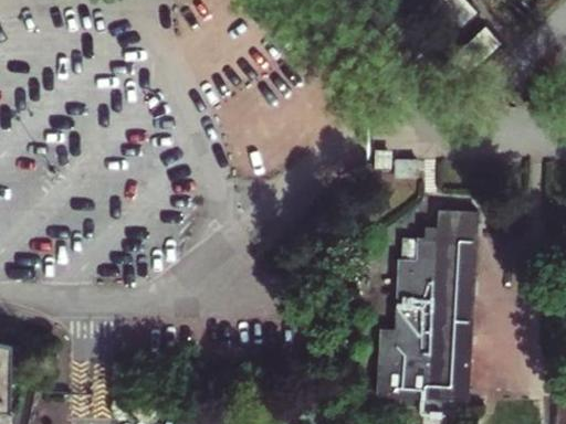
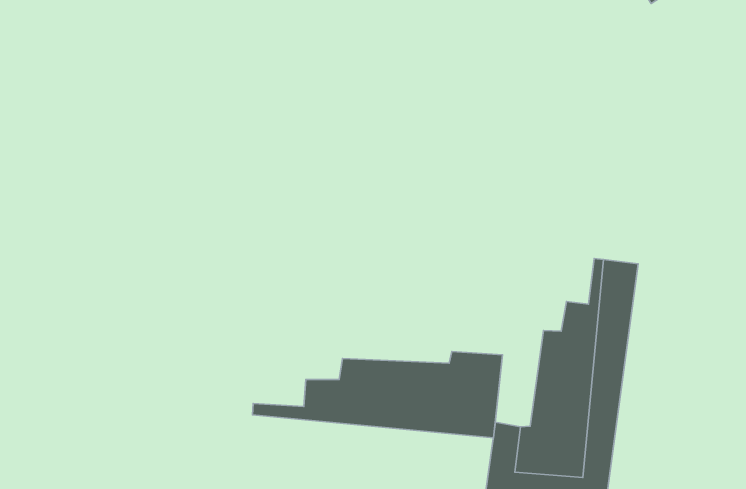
building: none -> [252,352,503,438]

